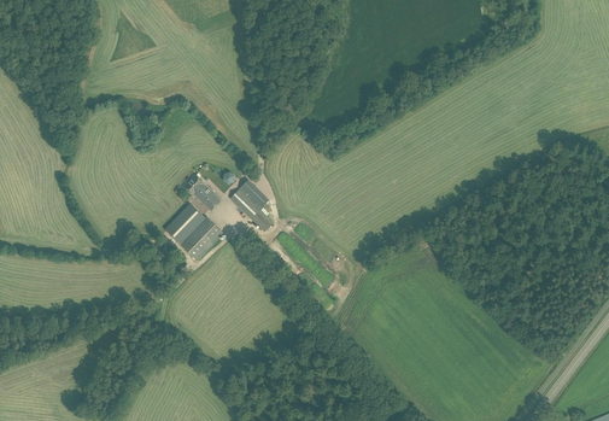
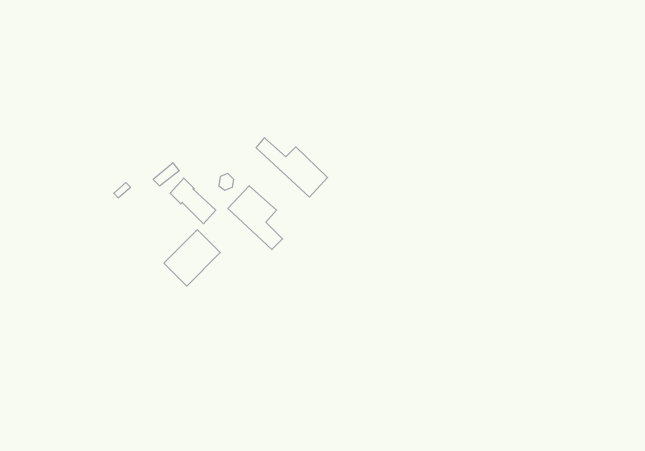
building: none -> [256,138,328,197]
building: [166,204,205,241] -> none

